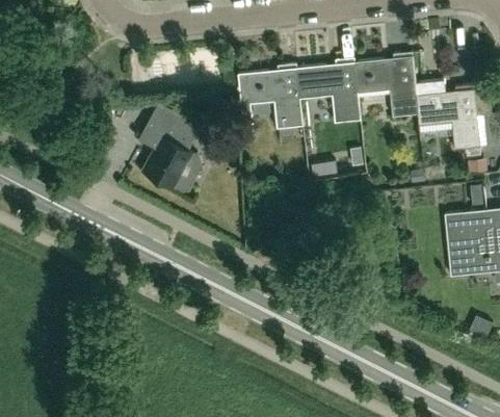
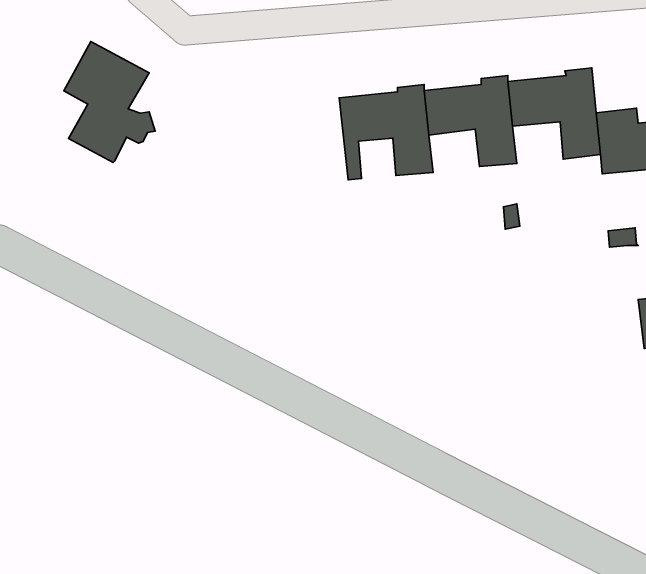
building: [140,105,204,189] -> [64,42,155,162]

